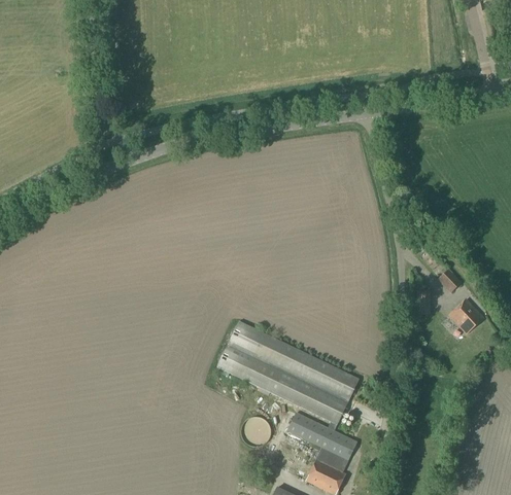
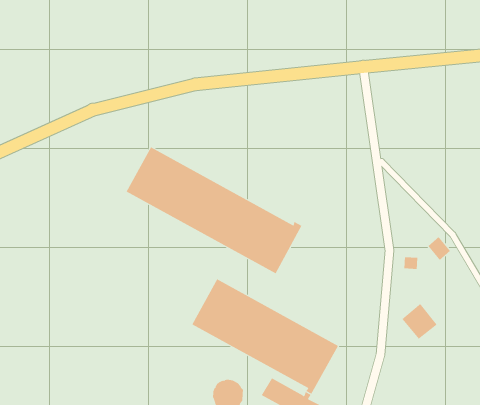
building: none -> [126,146,302,274]
building: [449,298,484,333] -> [401,303,438,340]

